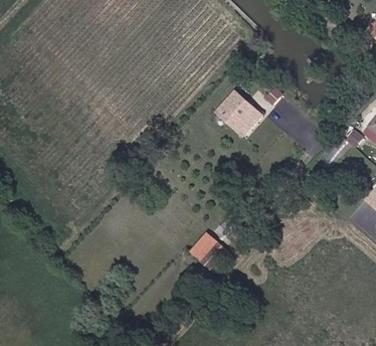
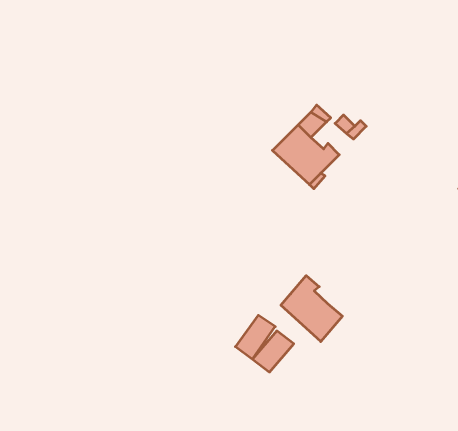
building: none -> [281,276,342,342]

